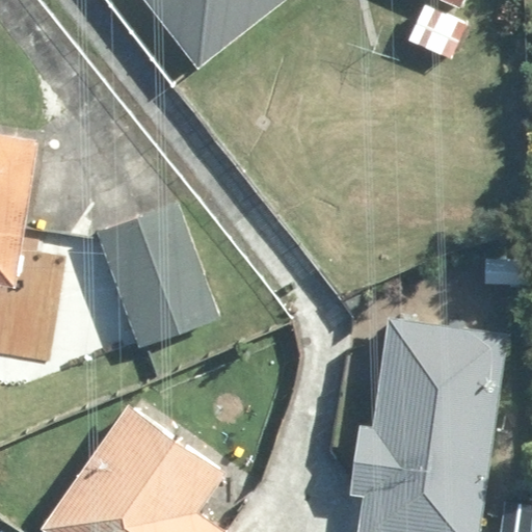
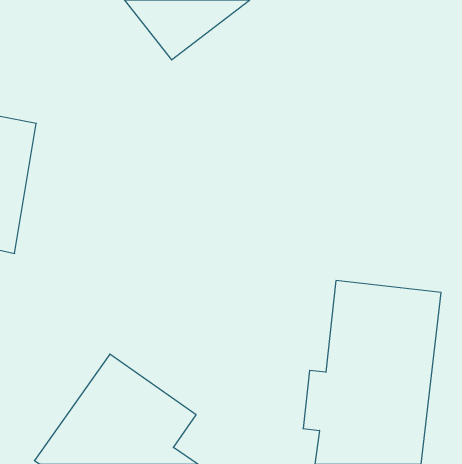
building: [92,198,222,349] -> none

